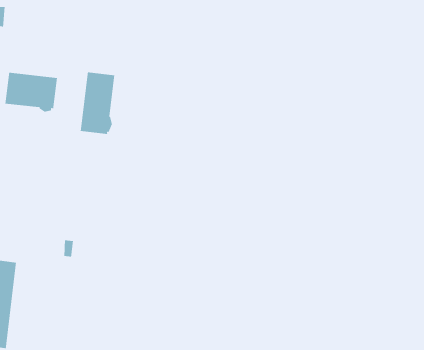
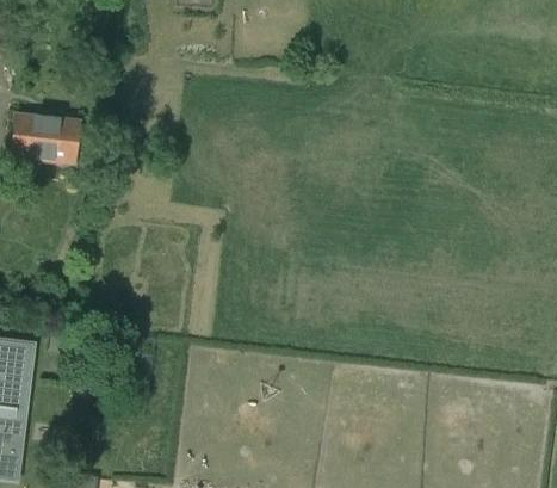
building: [80,71,115,135] -> none

